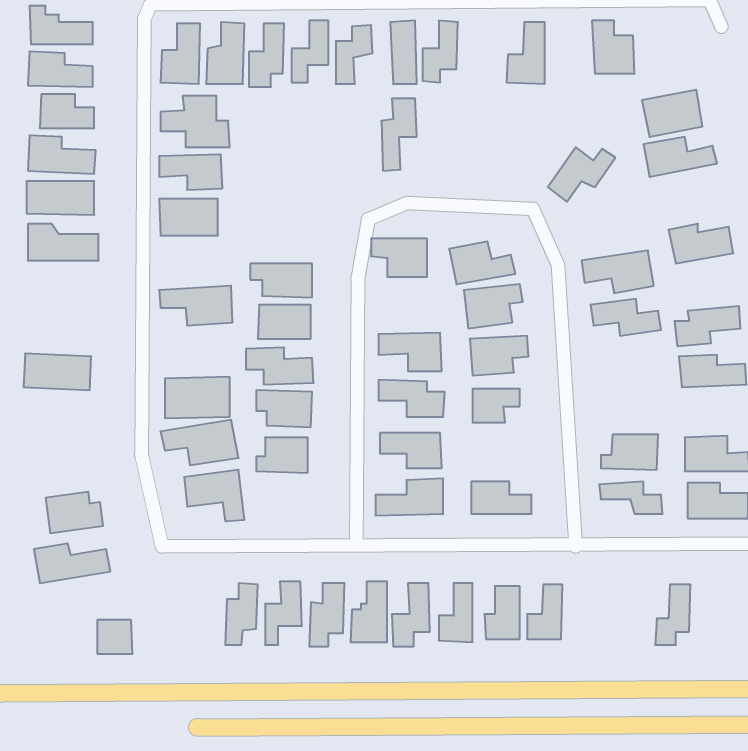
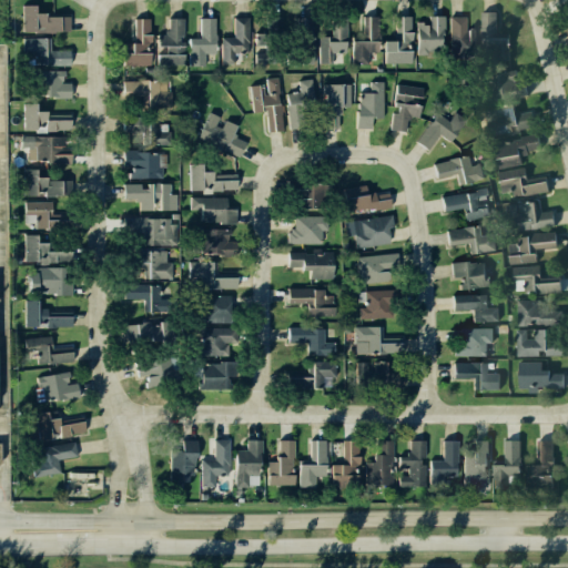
building: none -> [484,11,515,59]
building: none -> [416,16,444,55]
building: none -> [355,17,383,64]
building: none -> [252,78,285,132]
building: none -> [357,81,386,130]
building: none -> [392,85,426,133]
building: none -> [326,87,352,129]
building: none -> [199,111,247,159]
building: none -> [494,132,550,170]
building: none -> [432,150,488,184]
building: none -> [190,163,240,194]
building: none -> [122,184,175,210]
building: none -> [510,201,559,233]
building: none -> [26,203,57,227]
building: none -> [286,217,329,245]
building: none -> [20,234,73,264]
building: none -> [126,252,173,278]
building: none -> [454,261,494,291]
building: none -> [26,297,73,327]
building: none -> [454,297,503,322]
building: none -> [520,301,561,325]
building: none -> [353,328,405,353]
building: none -> [24,335,74,364]
building: none -> [192,365,237,393]
building: none -> [430,438,459,483]
building: none -> [30,440,80,478]
building: none -> [532,443,556,487]
building: none -> [465,444,491,489]

